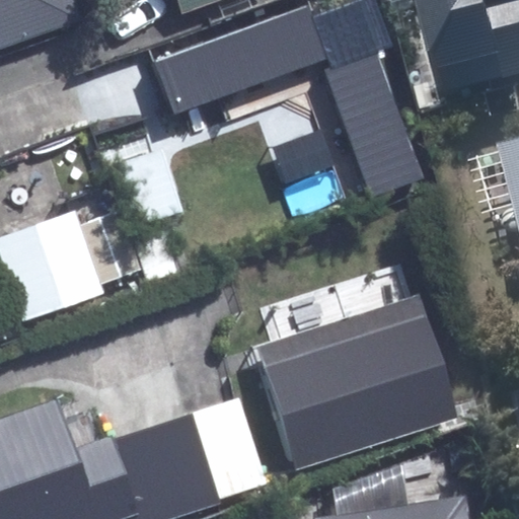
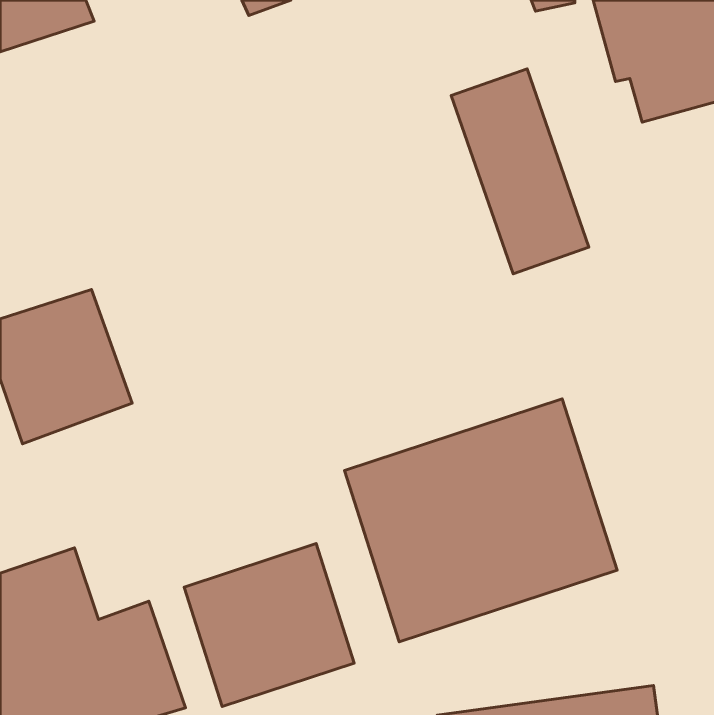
building: [155,7,328,118] -> none

